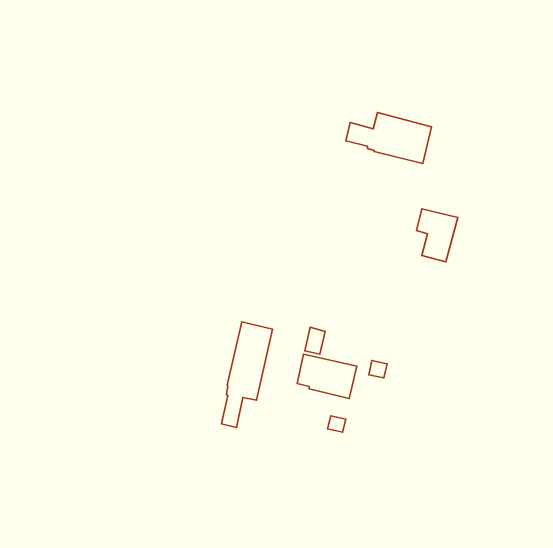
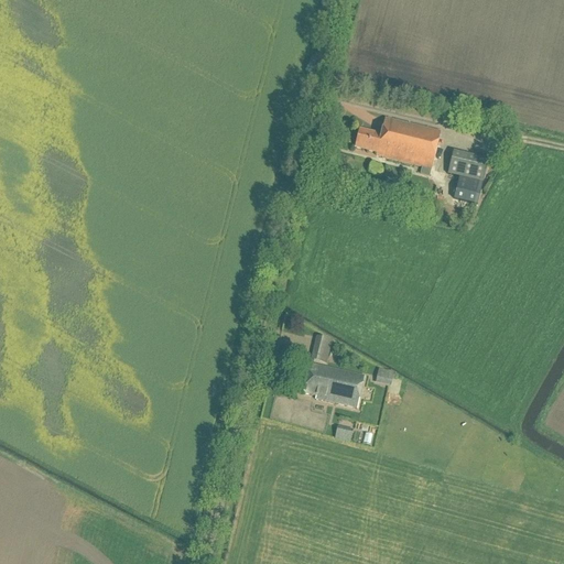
building: [417,209,458,262] -> [452,149,494,203]
building: [221,322,272,428] -> none

